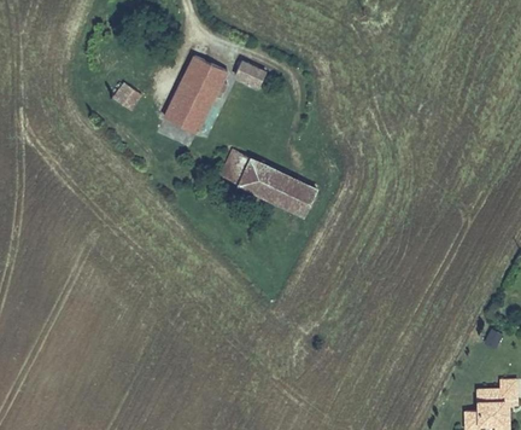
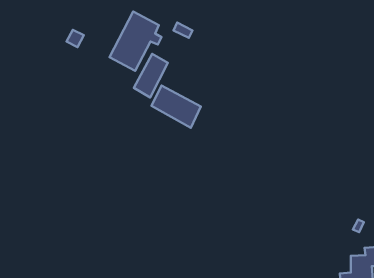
building: none -> [134,54,168,97]
building: [271,179,315,222] -> none

